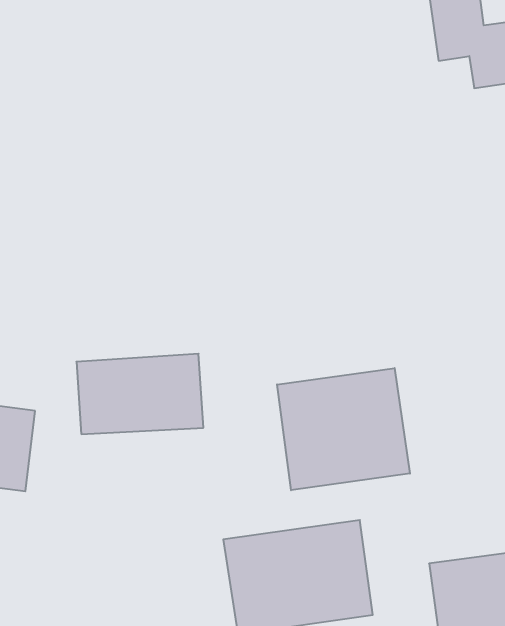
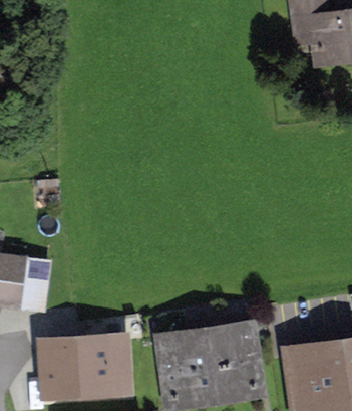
building: [76,354,203,434] -> [46,339,125,389]
building: [277,368,410,490] -> none

